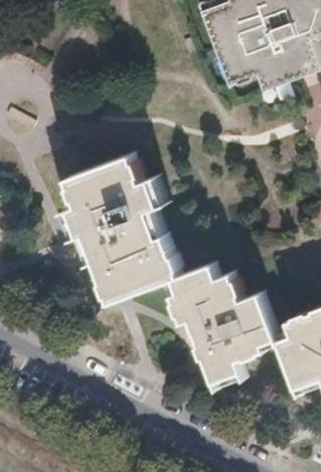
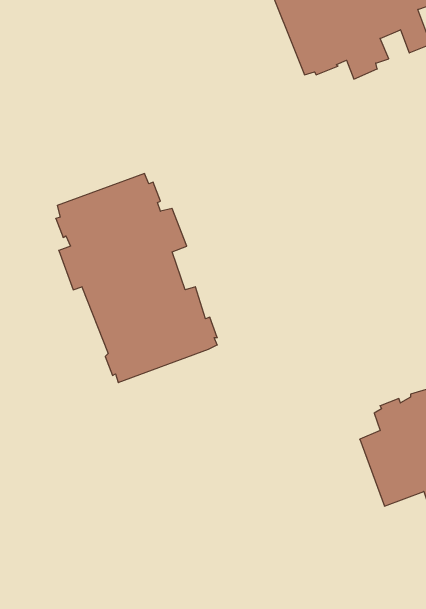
building: [170,266,274,381] -> none

